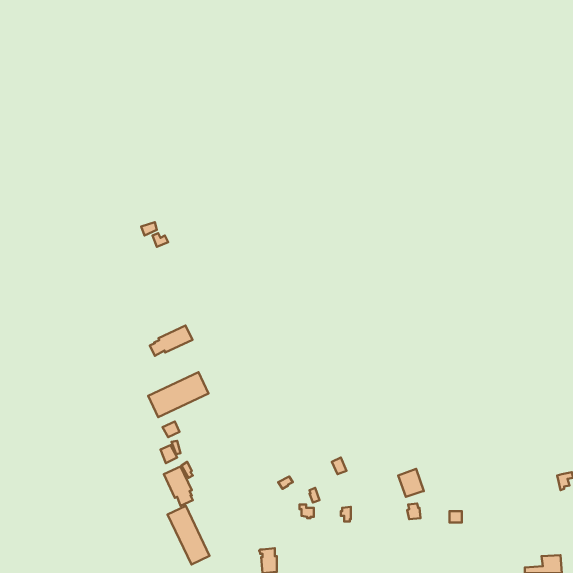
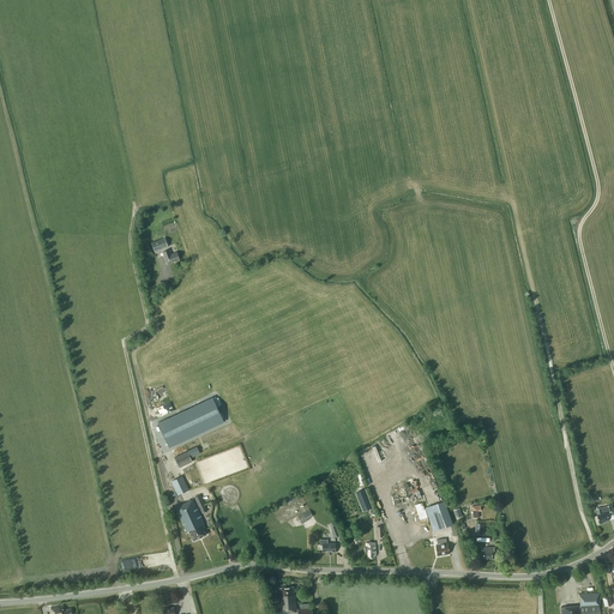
building: [150,326,192,356] -> none
building: [168,506,210,564] -> none

